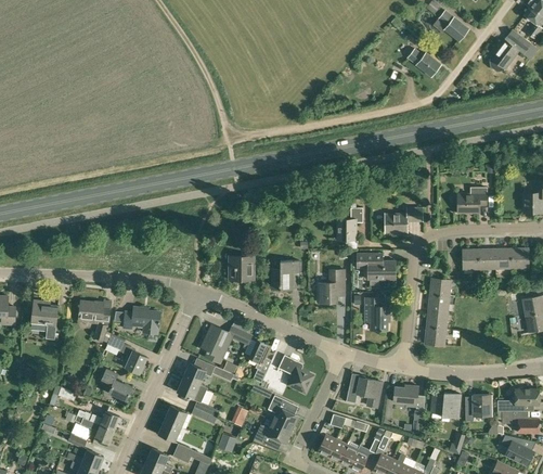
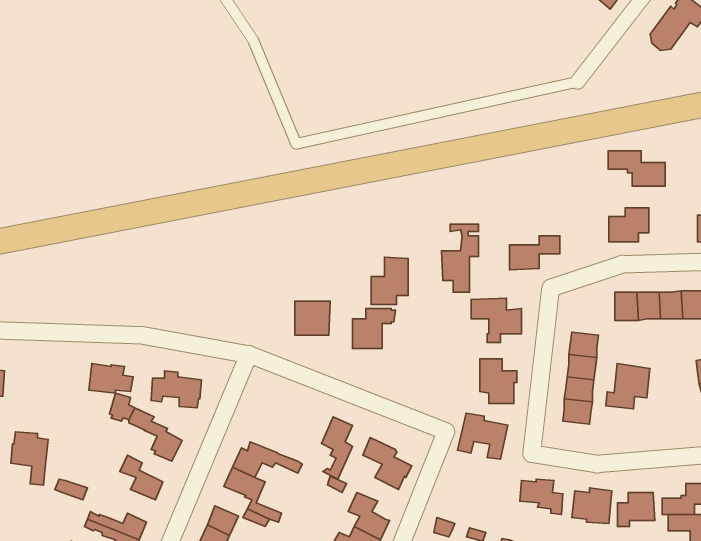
building: [406,48,441,76] -> none
building: none -> [608,151,665,186]
building: [319,268,346,303] -> [371,257,408,305]
building: [31,299,59,338] -> [11,432,48,485]
building: none -> [606,363,650,409]
building: [201,324,253,362] -> none
building: [346,373,383,407] -> [457,413,508,459]

